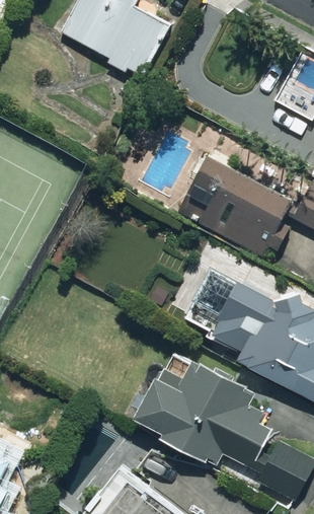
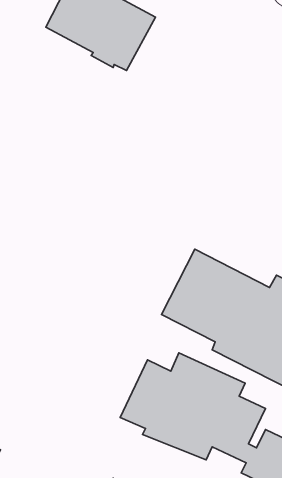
building: [175,174,289,258] -> none

